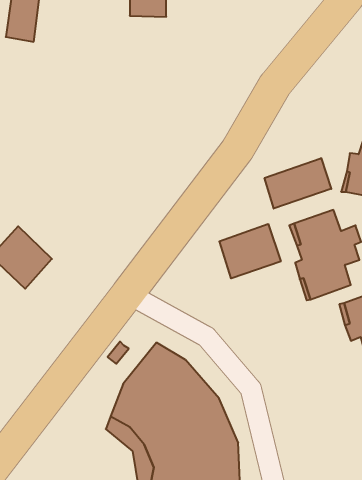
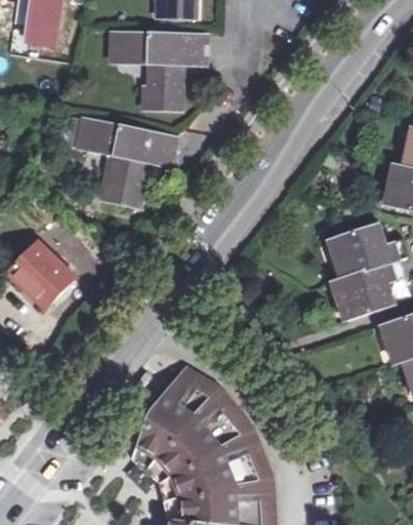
building: none -> [113,33,207,109]
building: none -> [78,119,176,205]
building: [265,158,331,209] -> none
building: [219,224,281,278] -> none

